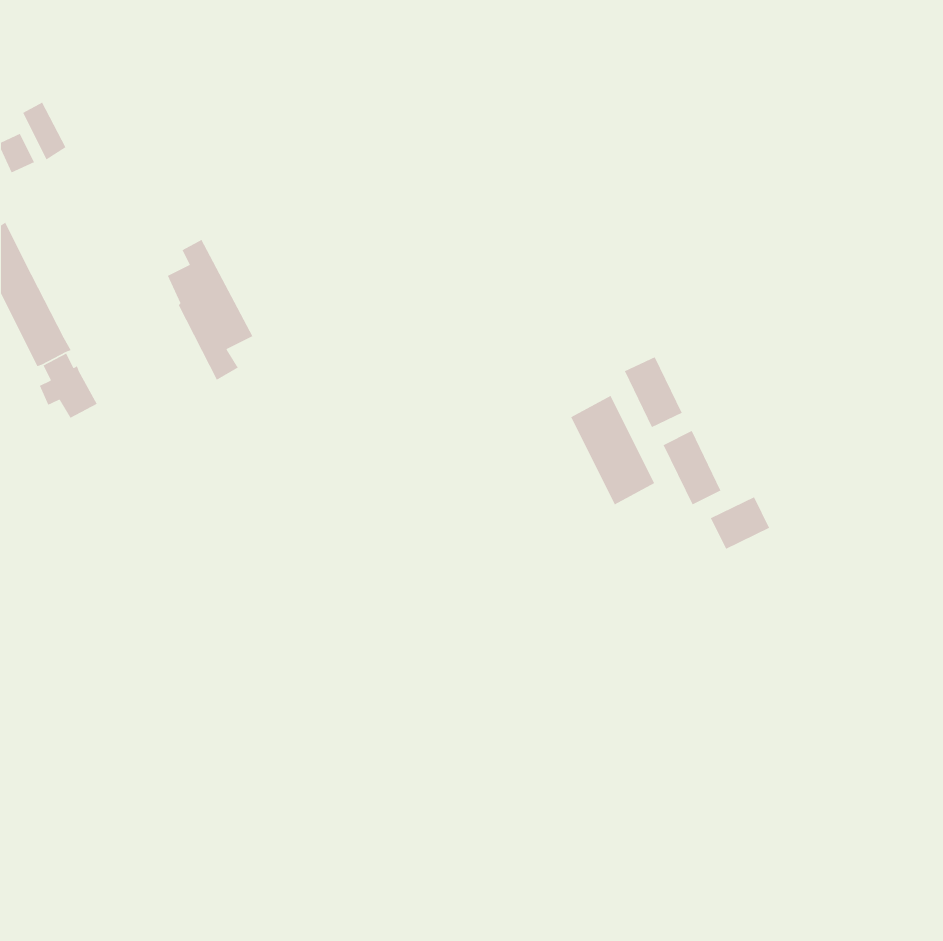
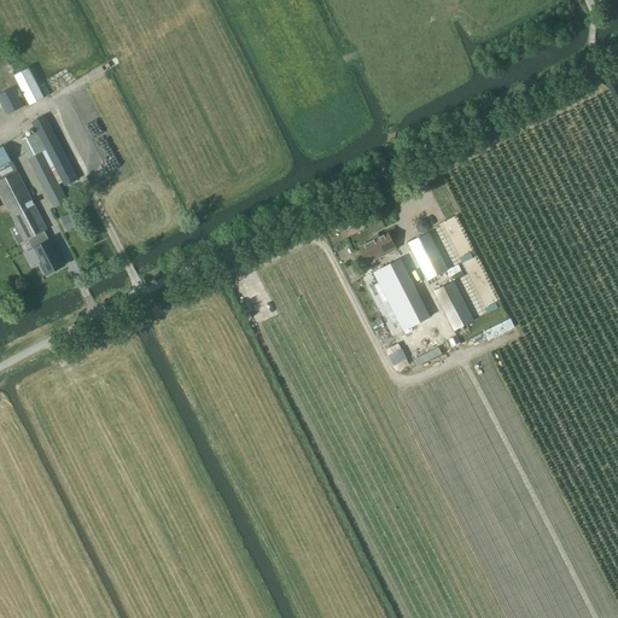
building: [167,239,253,381] -> [22,115,78,208]
building: none -> [360,233,396,263]
building: [710,496,770,550] -> none

